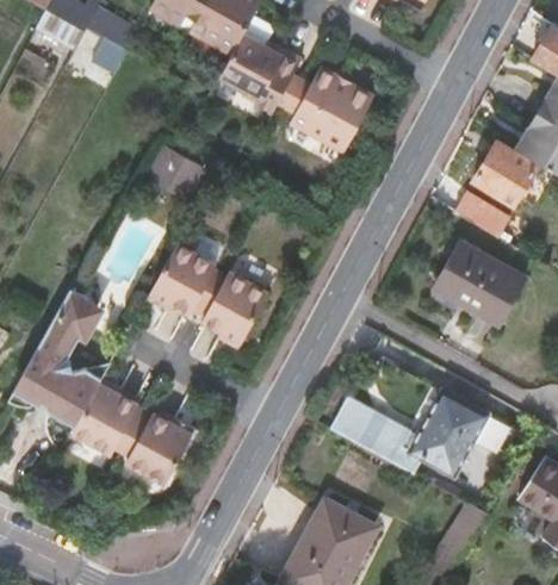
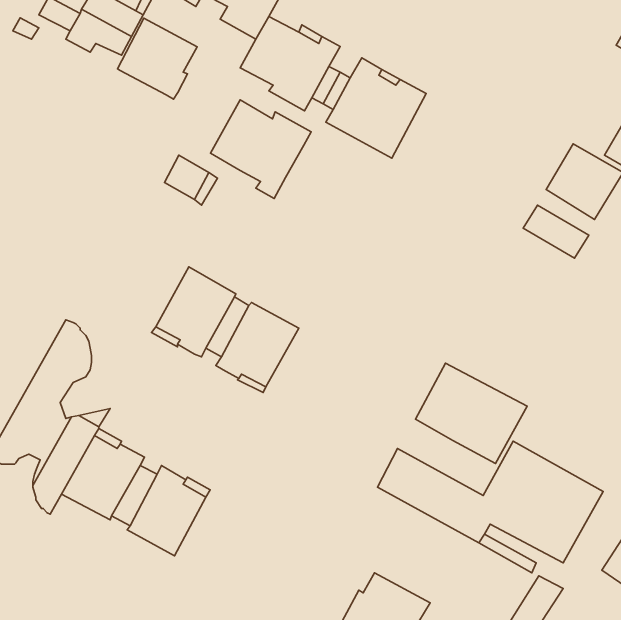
building: none -> [118,18,197,99]
building: none -> [211,100,311,199]
building: [432,243,525,326] -> [416,363,527,463]

